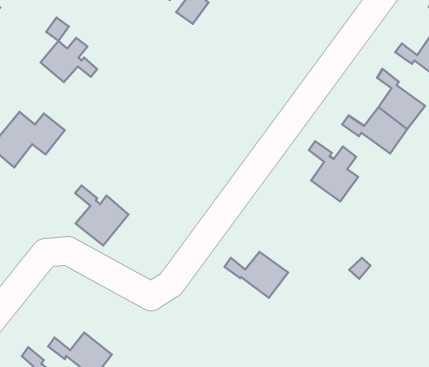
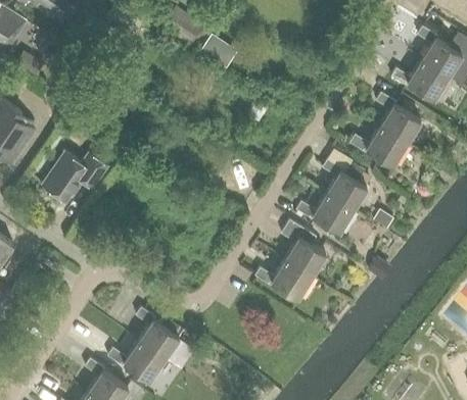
building: [41,38,97,82] -> none
building: none -> [297,195,354,234]
building: [75,185,129,245] -> [136,308,184,359]
building: none -> [281,219,326,277]

